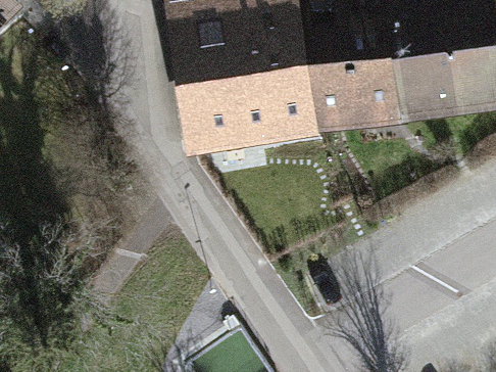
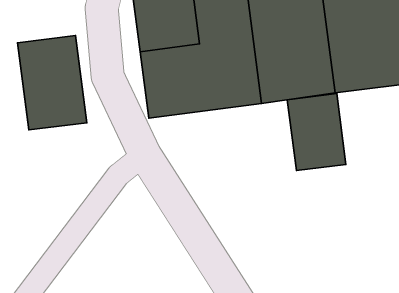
building: none -> [18,36,87,130]
building: none -> [287,94,346,171]

